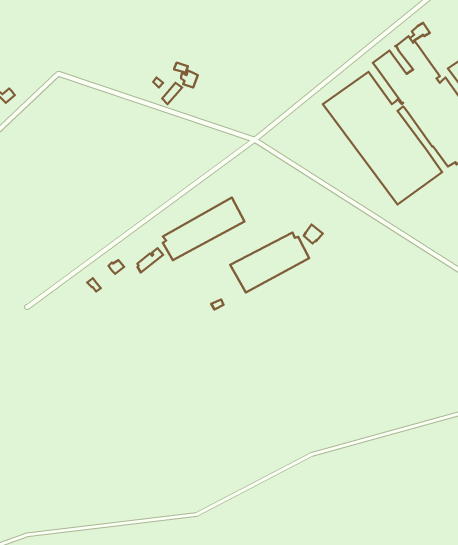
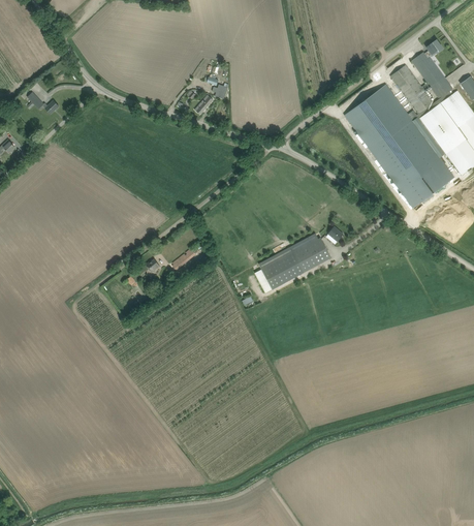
building: [163,198,244,260] -> none

